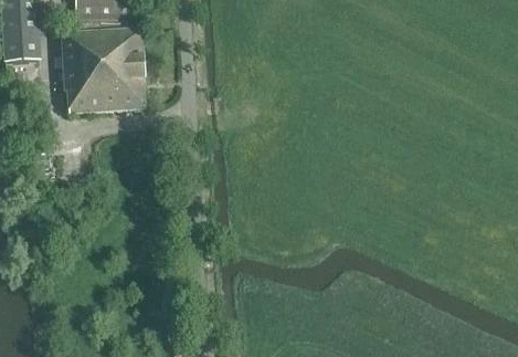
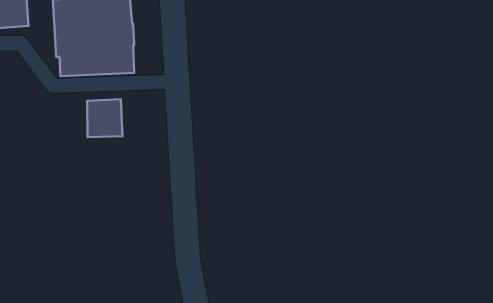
building: none -> [87,99,122,137]

